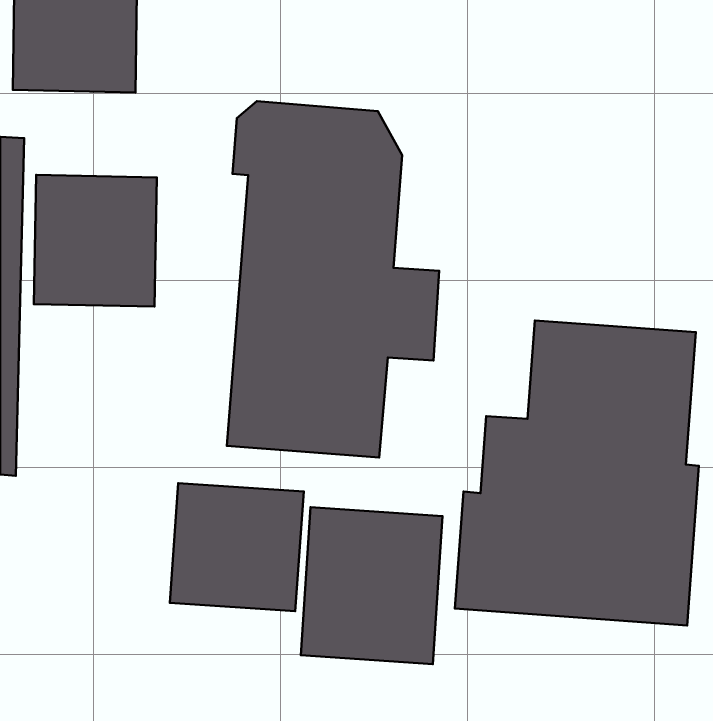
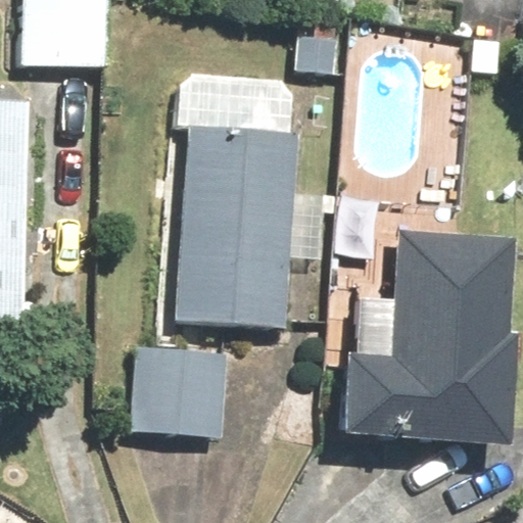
building: [34,175,157,307] -> none
building: [301,507,443,664] -> none

